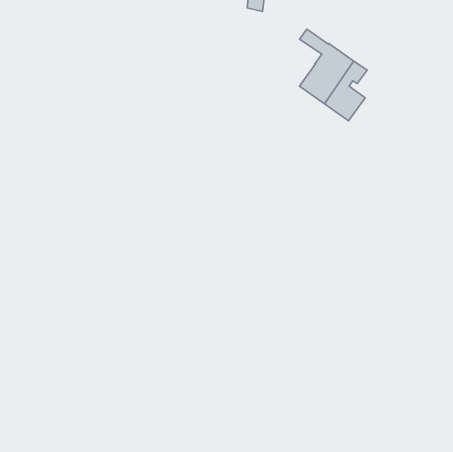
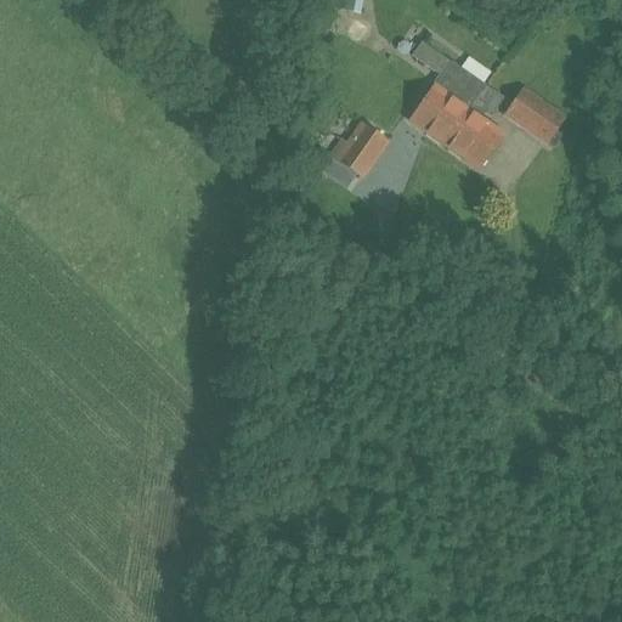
building: none -> [505,89,562,145]
building: none -> [329,124,385,175]

